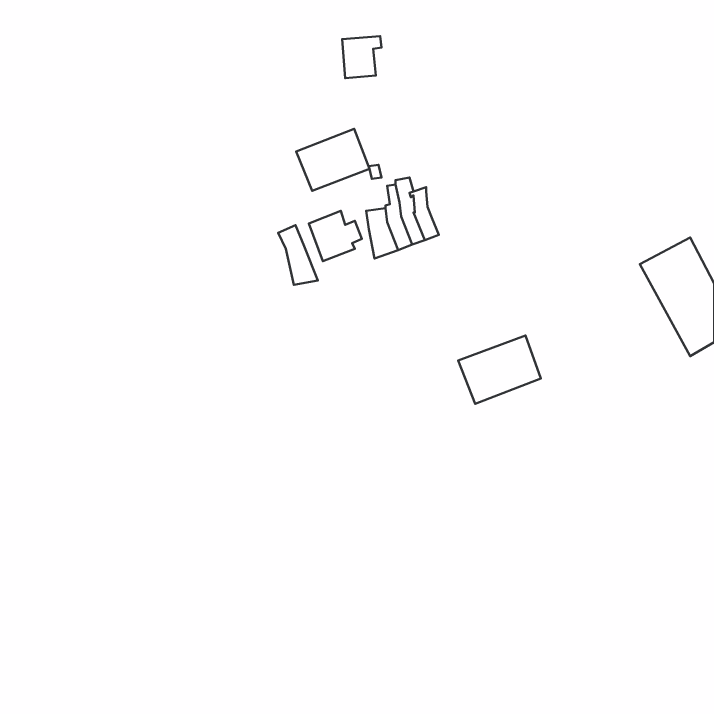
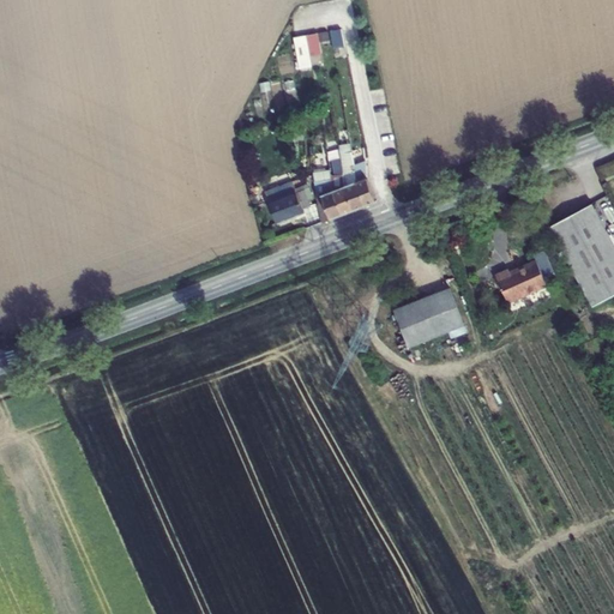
building: [296,129,369,191] -> none
building: [278,225,318,285] -> none
building: none -> [496,261,547,301]

